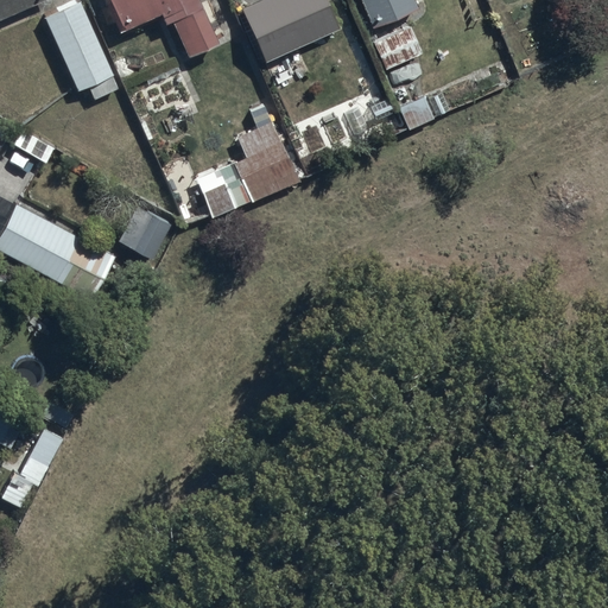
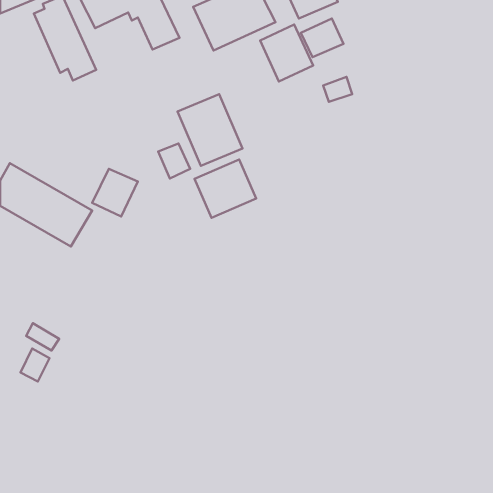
building: none -> [260,25,313,81]
building: none -> [194,160,256,218]

